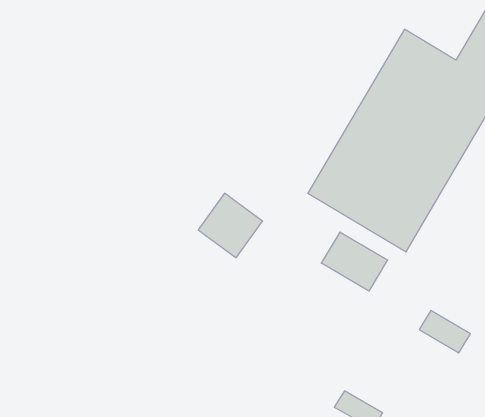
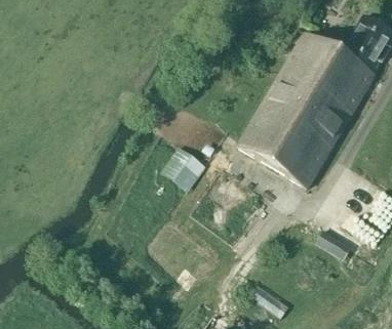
building: [321,232,388,291] -> none

